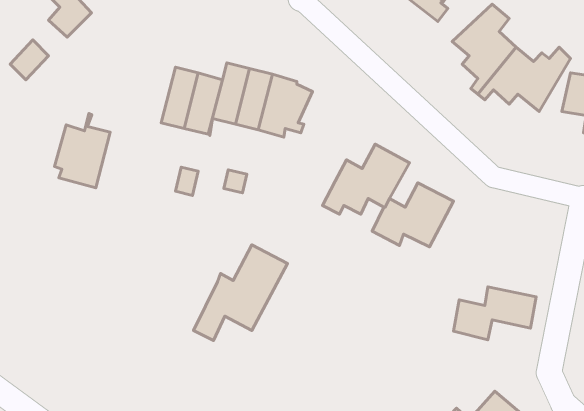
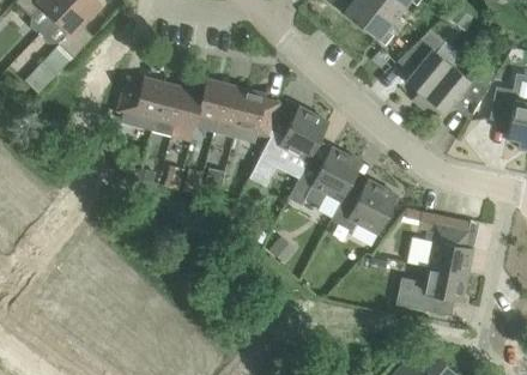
building: [55,114,110,188] -> [117,67,164,129]
building: none -> [420,213,473,276]
building: [193,245,288,340] -> [249,107,328,187]

